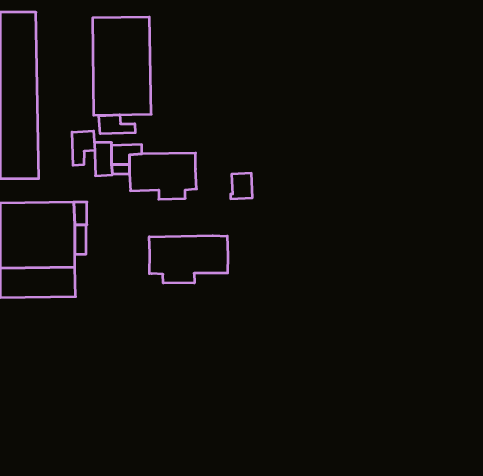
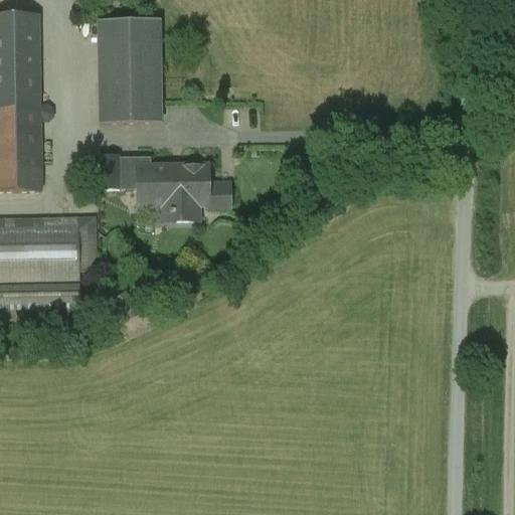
building: [99,115,135,134] -> none
building: [72,131,95,165] -> none
building: [231,173,252,199] -> [207,179,230,206]
building: [149,236,228,283] -> none

